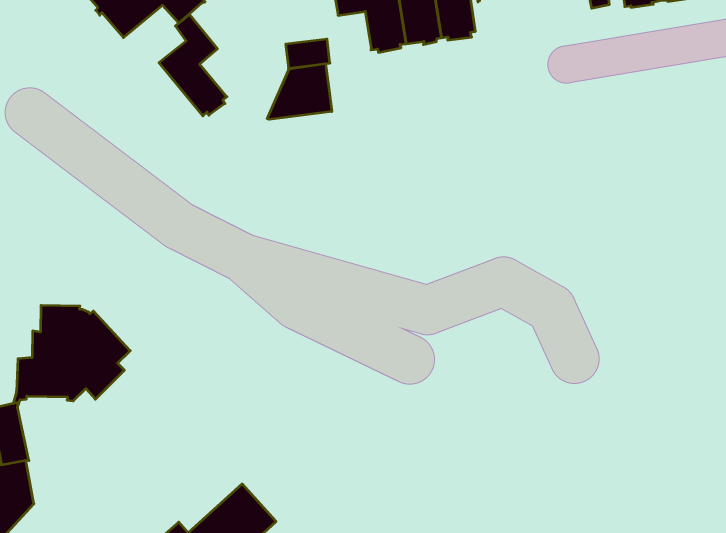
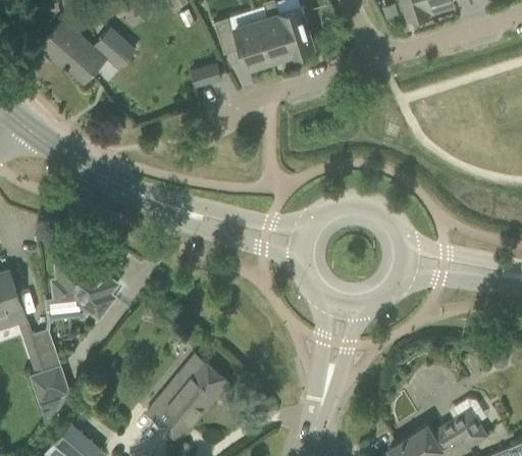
building: [159,14,227,116] -> none
building: [267,64,332,119] -> none

